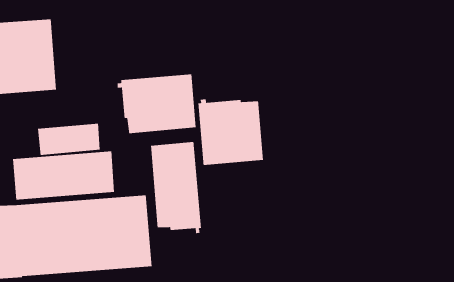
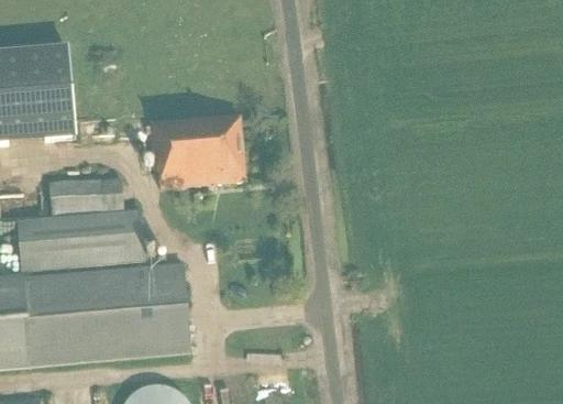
building: [198,98,263,166] -> none
building: [150,141,202,234] -> none

